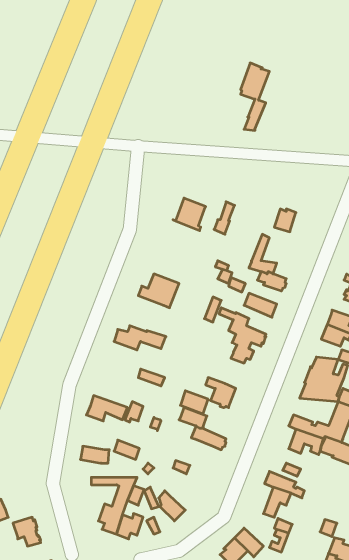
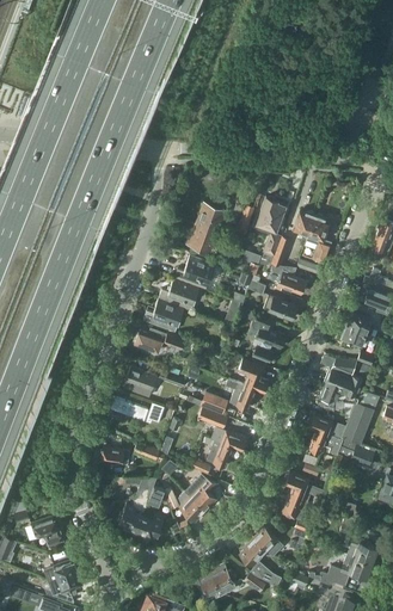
building: [241,63,269,130] -> [257,197,285,264]
building: none -> [307,215,332,263]
building: none -> [186,222,220,253]
building: none -> [174,254,222,291]
building: none -> [143,297,184,331]
building: none -> [239,358,269,393]
building: none -> [124,365,156,396]
building: none -> [203,436,233,467]
building: none -> [185,474,217,510]

